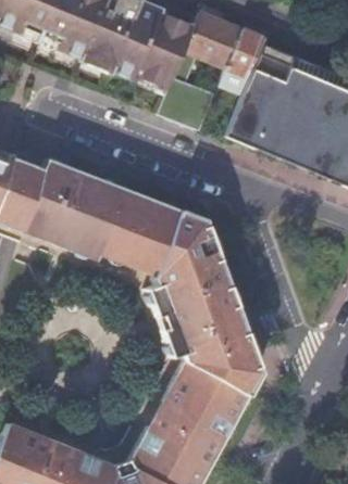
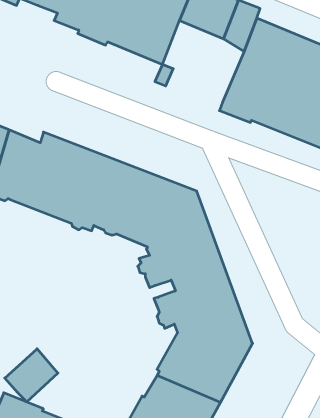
building: none -> [5,349,58,402]

